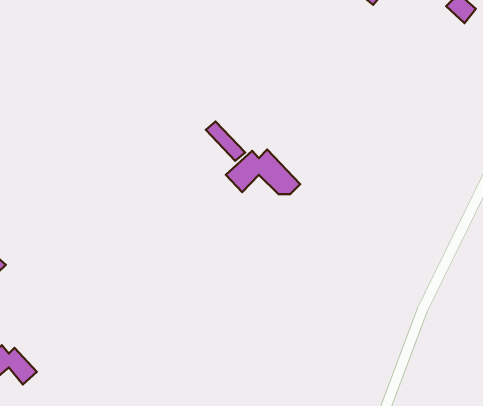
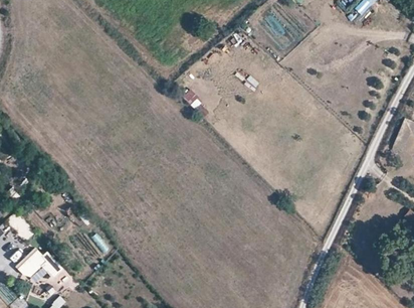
building: [226,150,300,194] -> none

